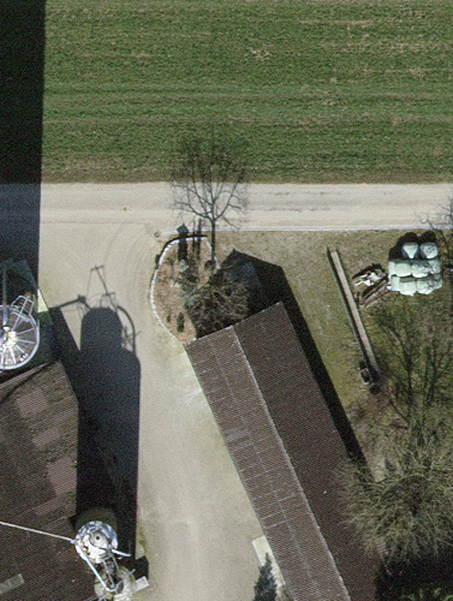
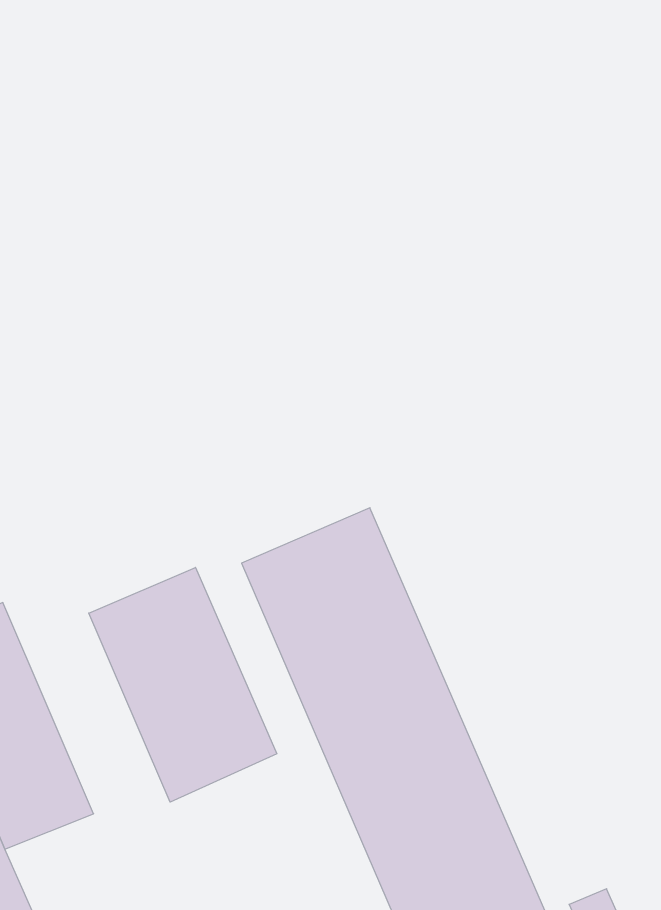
building: none -> [89,567,277,802]

